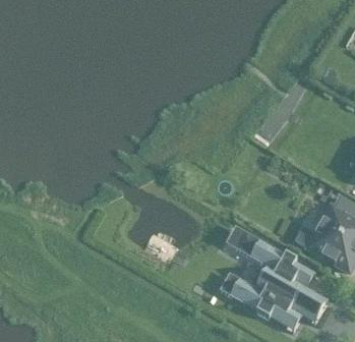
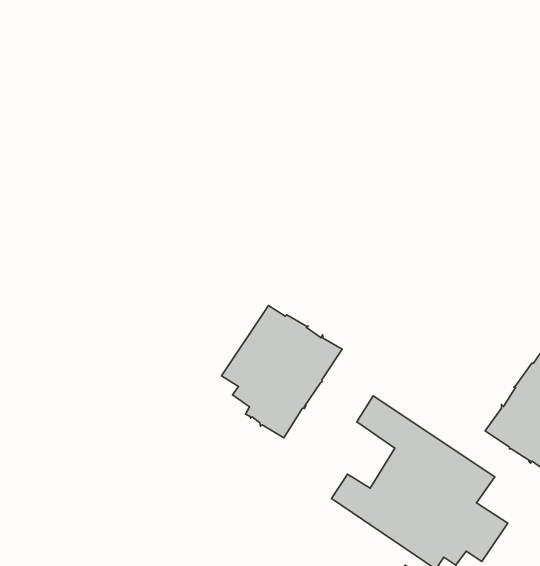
building: none -> [222,305,342,438]

